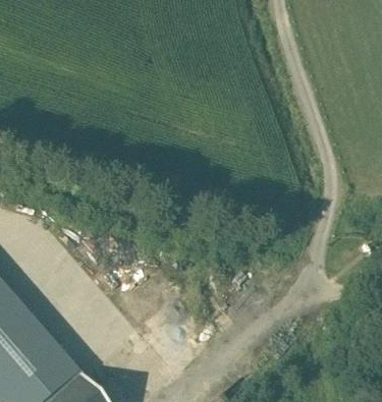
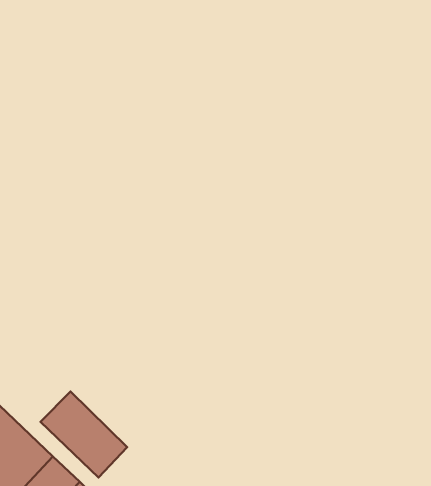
building: none -> [41,391,127,477]

